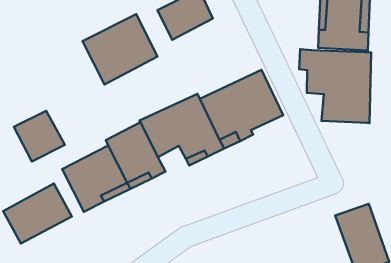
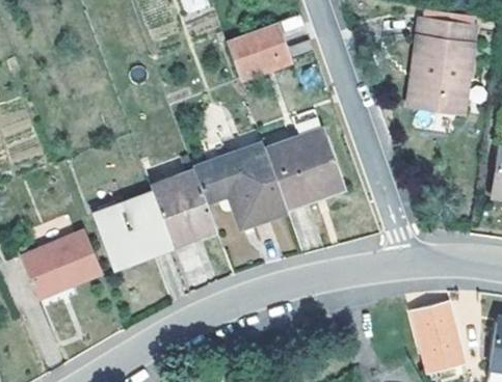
building: [82,14,158,84] -> none
building: [299,49,371,123] -> none
building: [14,111,65,162] -> none

